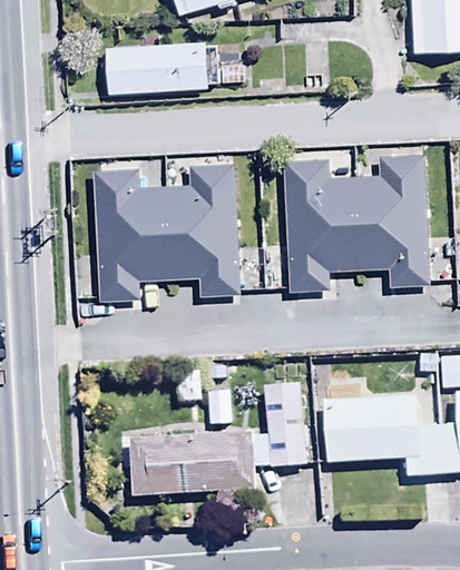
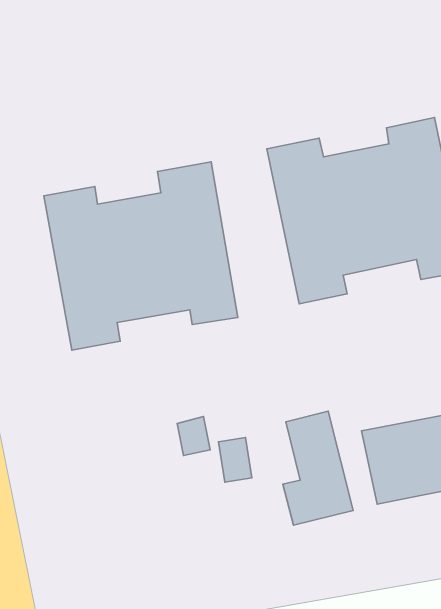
building: [107,41,219,95] -> none
building: [133,433,253,494] -> none

